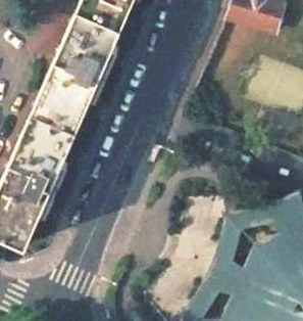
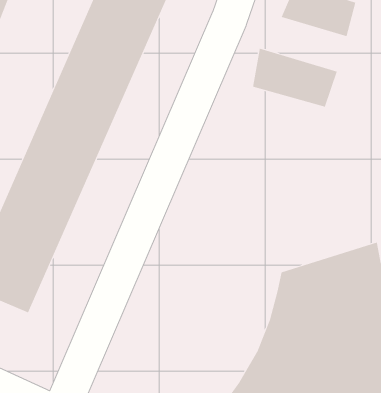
building: none -> [253,48,337,107]

